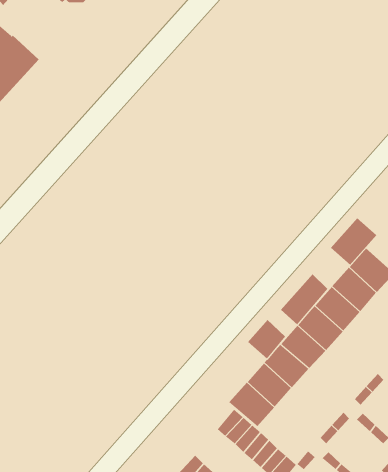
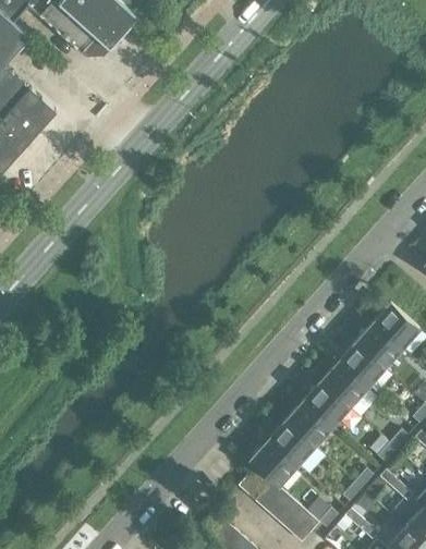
building: [330,217,377,265] -> none
building: [280,274,328,325] -> none
building: [247,319,286,359] -> none

